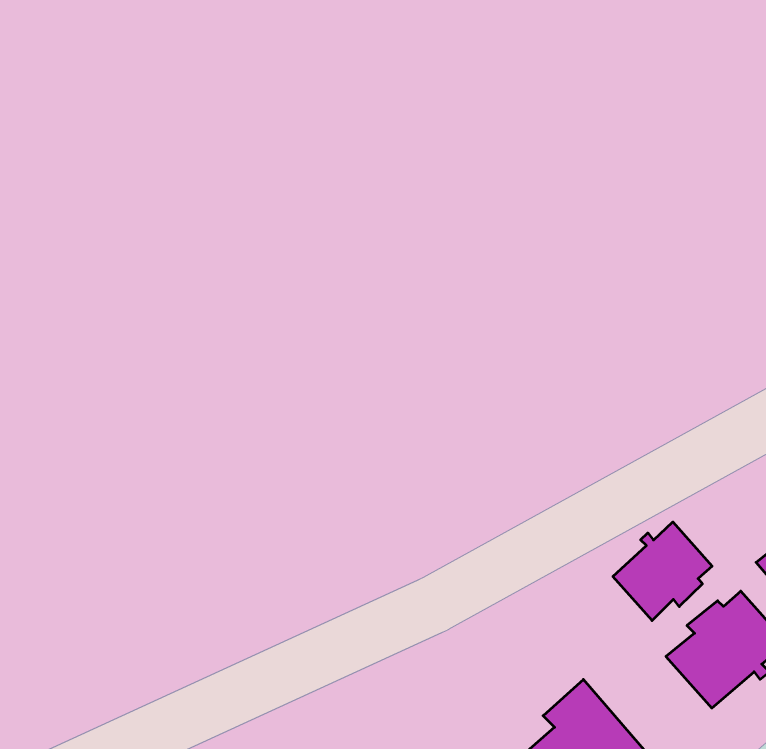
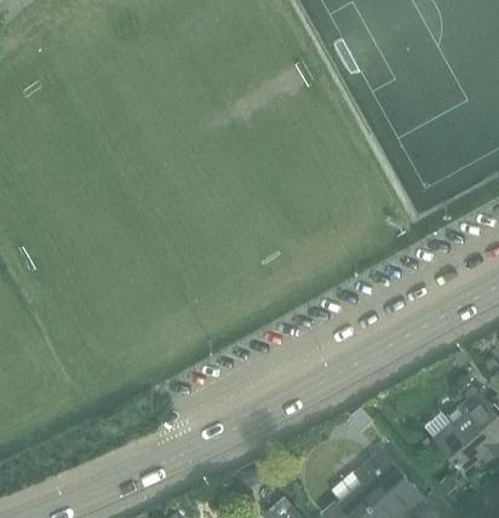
building: [613,522,712,621] -> none

